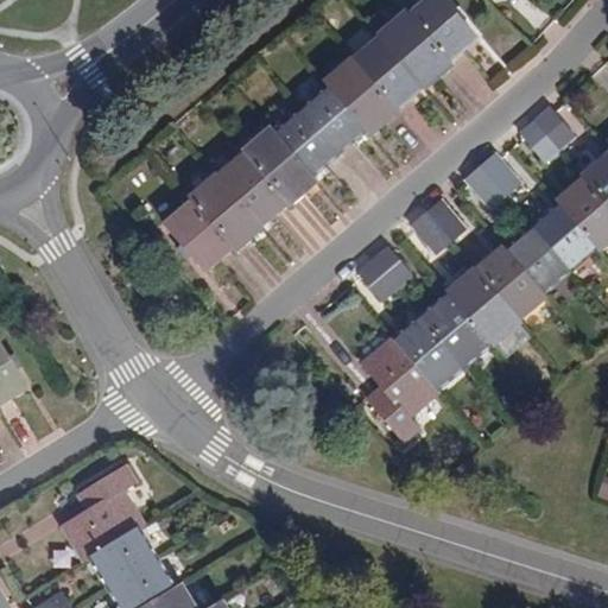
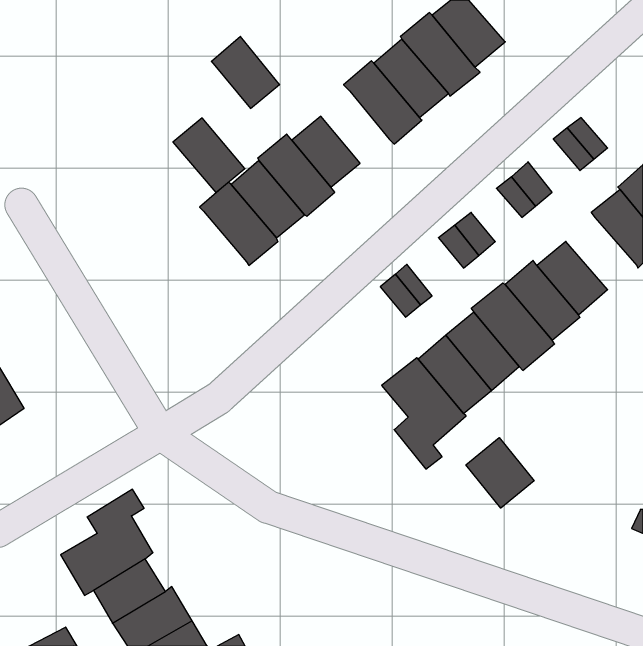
building: [302,86,366,153] -> [211,36,280,108]
building: [164,198,232,268] -> [173,118,245,193]
building: [532,204,598,272] -> none
building: none -> [466,438,534,508]

